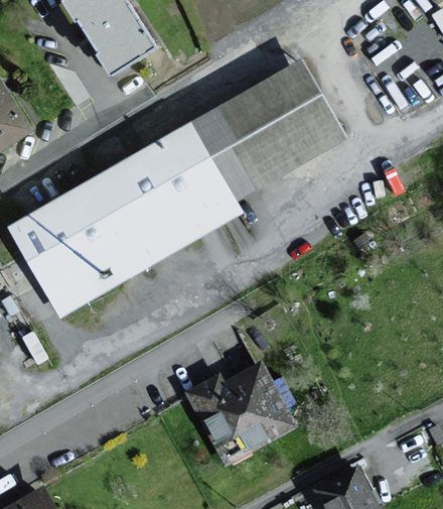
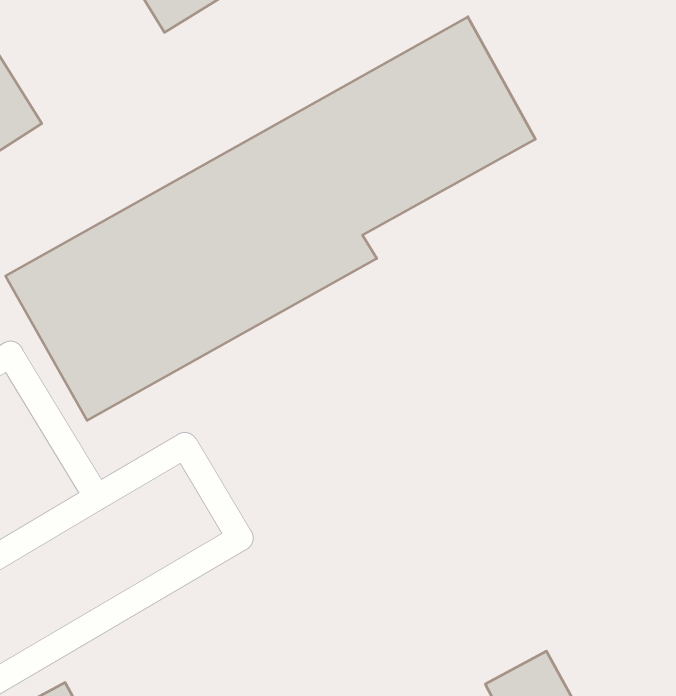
building: [179,362,293,451] -> none

